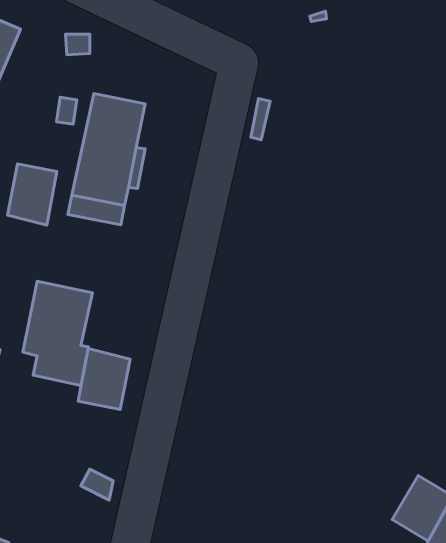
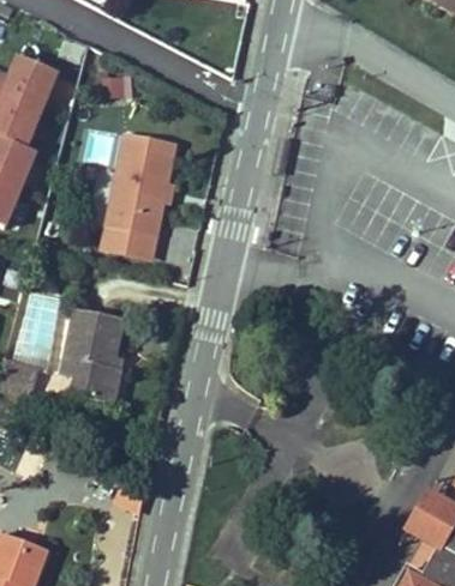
building: [8,164,57,225] -> none
building: [78,349,130,409] -> none

